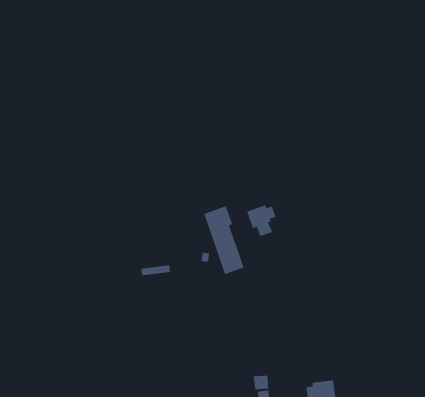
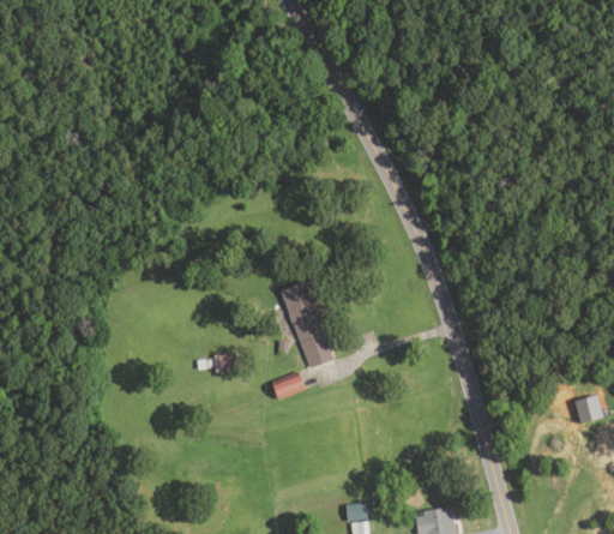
building: [247,205,276,237] -> none
building: none -> [272,372,306,401]

